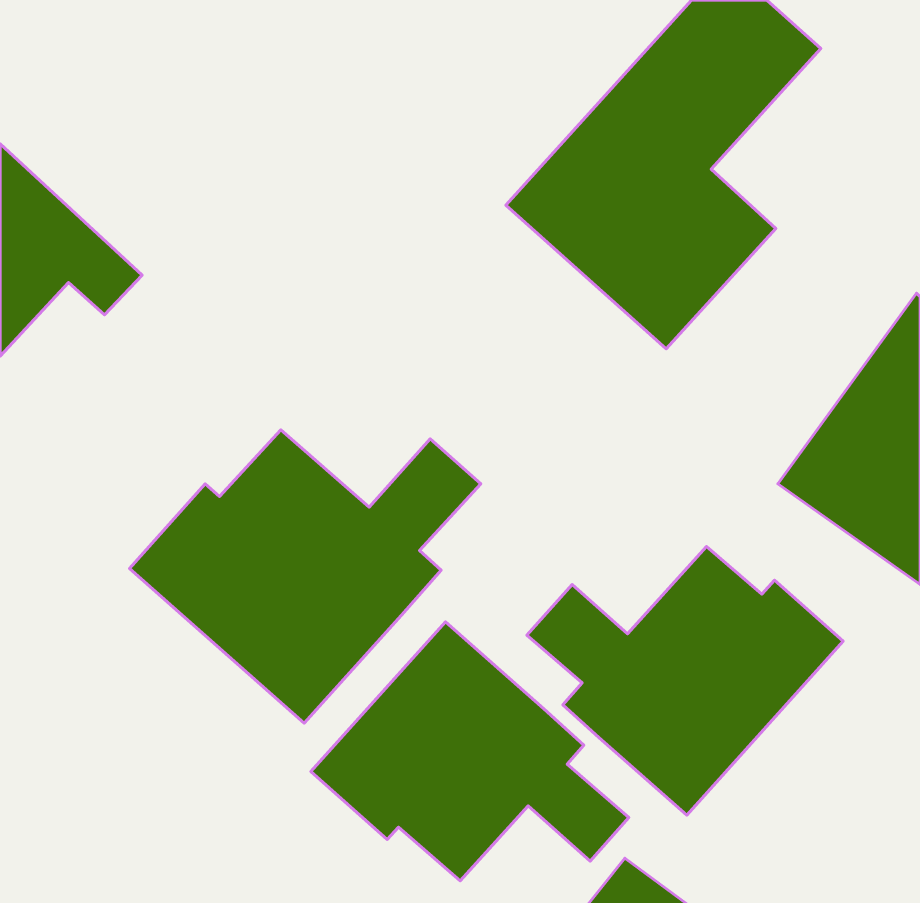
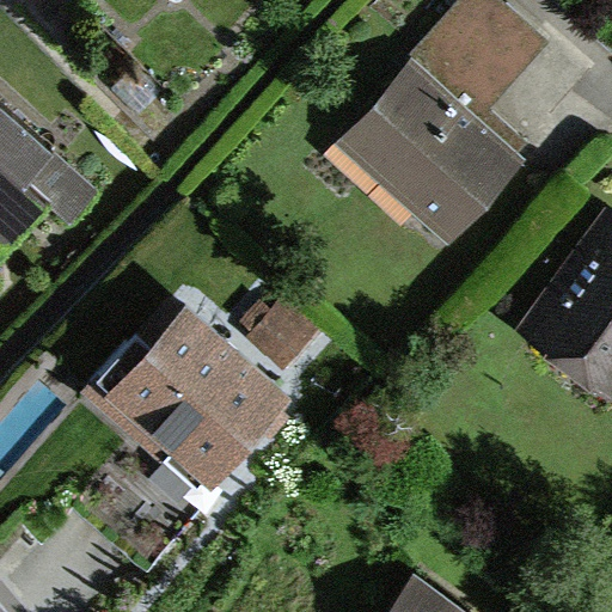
building: [527,547,843,815] -> none
building: [311,622,629,881] -> none

